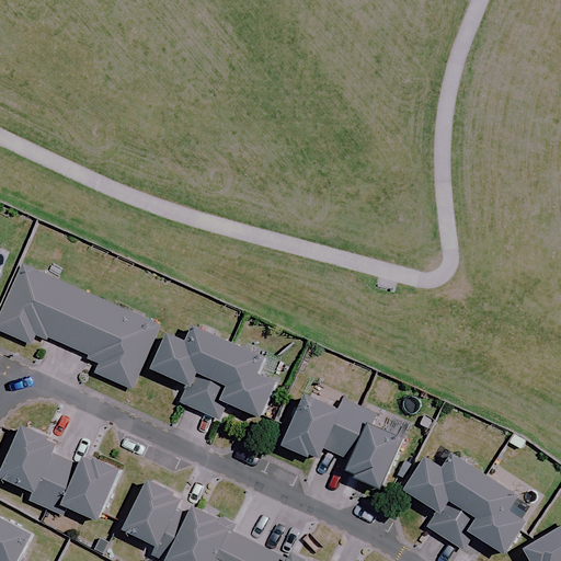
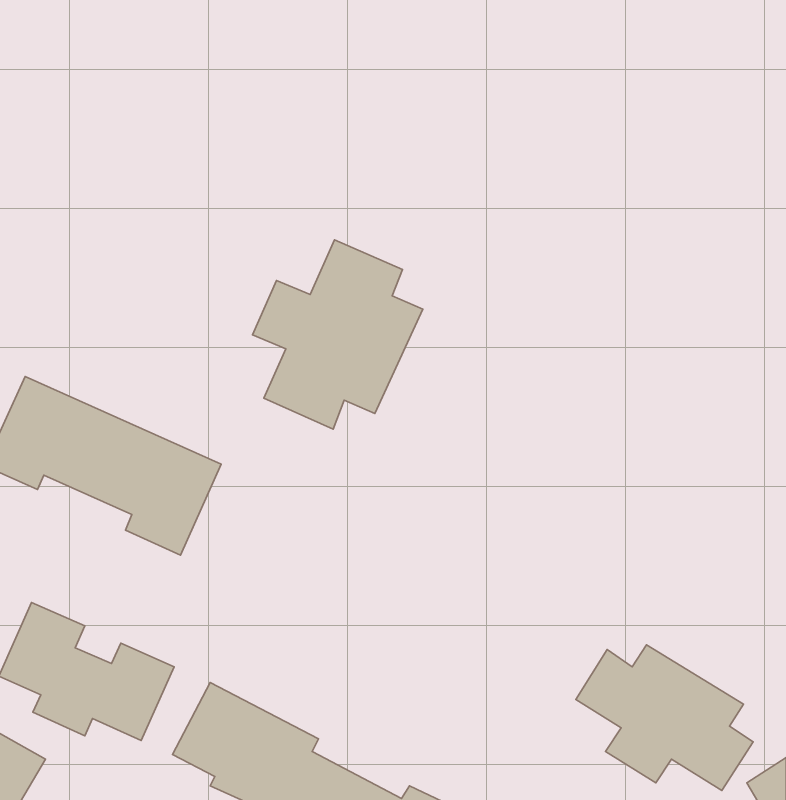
building: none -> [252,240,423,429]
building: [151,323,276,417] -> none
building: [283,392,403,486] -> none

